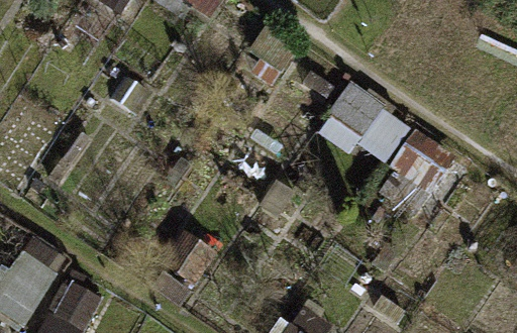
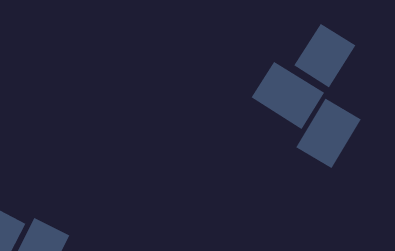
building: none -> [293,23,356,88]

